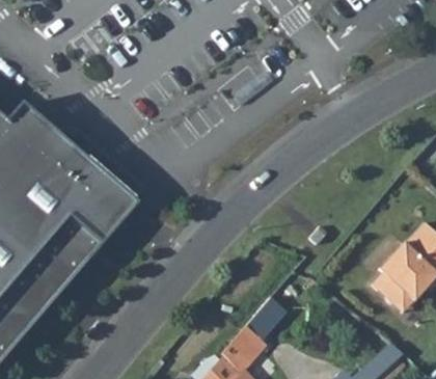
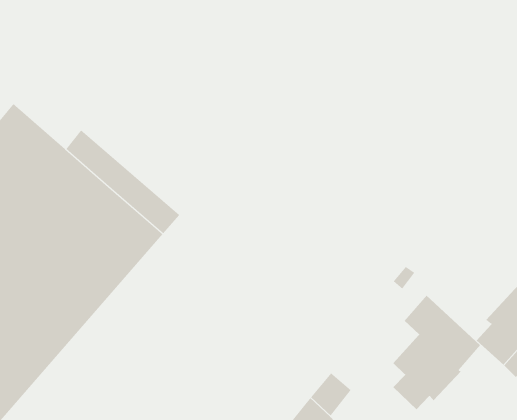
building: none -> [393,295,481,410]

